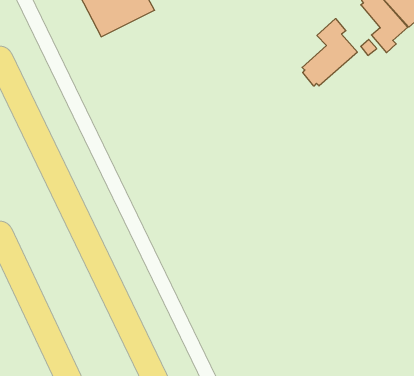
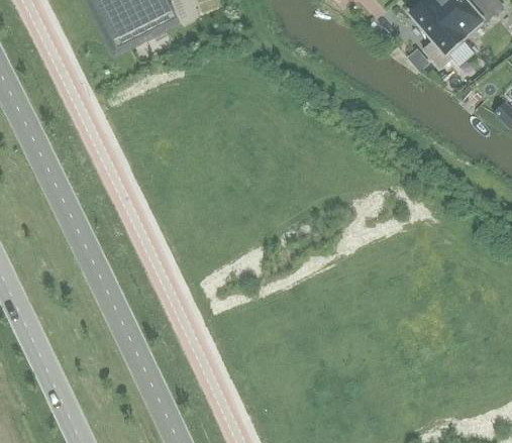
building: [302,19,357,86] -> none

